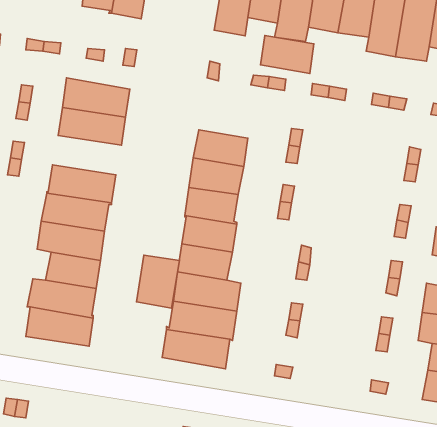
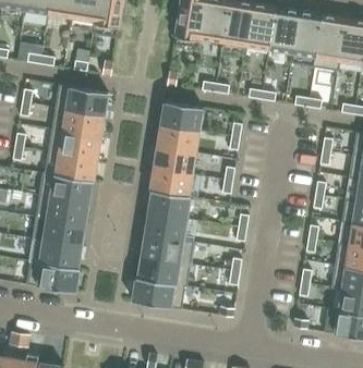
building: [261,35,314,73] -> [161,101,203,131]
building: none -> [48,128,101,159]
building: [136,255,179,308] -> none

